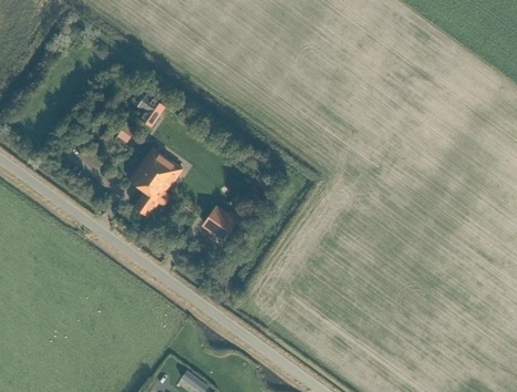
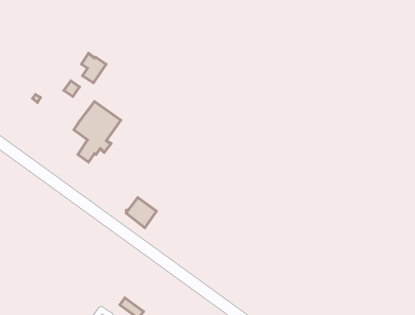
building: [203,207,237,241] -> [126,197,157,228]

